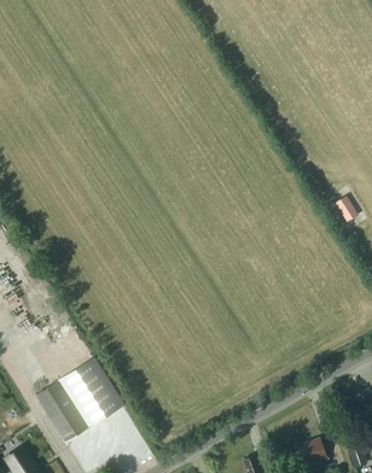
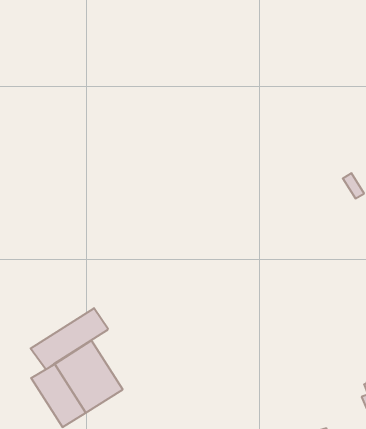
building: none -> [31,308,108,370]

